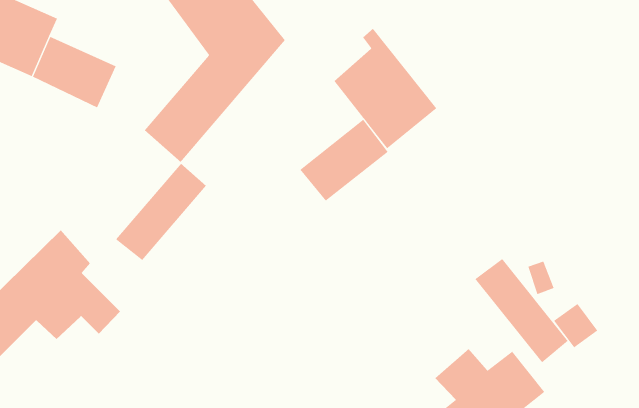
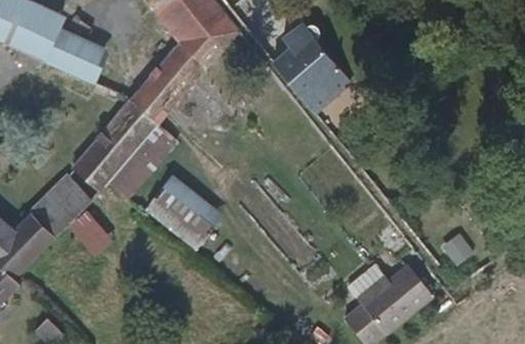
building: [299,119,388,202] -> none
building: none -> [73,99,158,190]
building: none -> [145,180,219,249]
building: [475,258,569,363] -> none

